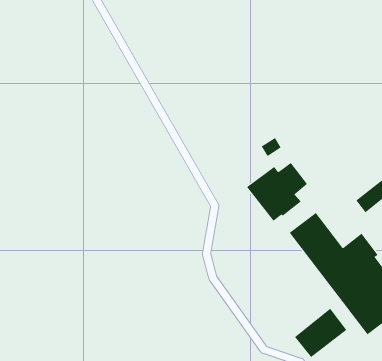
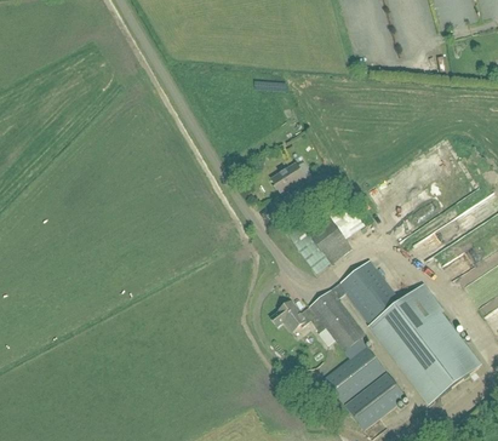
building: none -> [270,162,307,193]
building: none -> [270,288,385,402]

